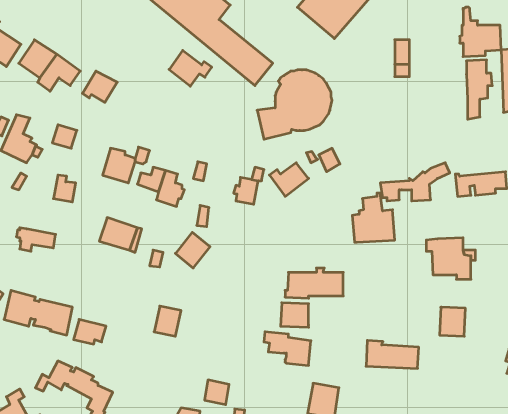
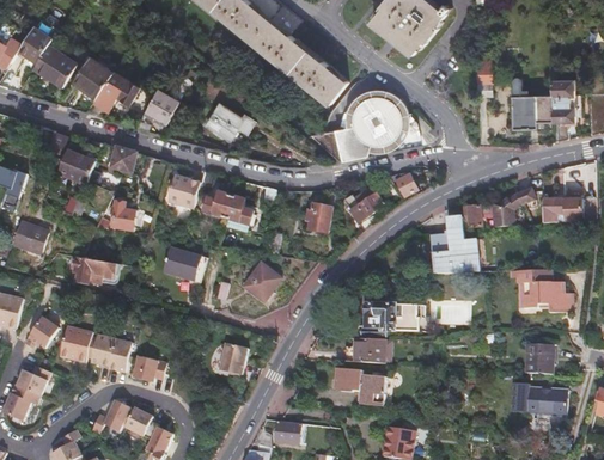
building: [460,7,501,57] -> [510,75,554,128]
building: [169,50,212,86] -> [203,103,249,141]
building: [366,340,419,368] -> [514,381,571,411]

